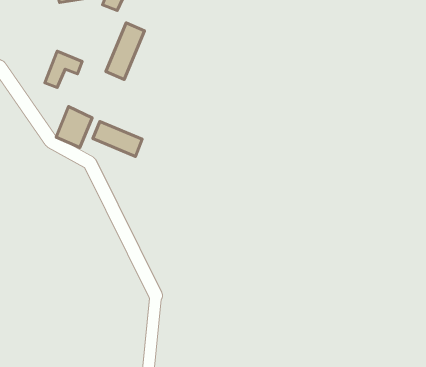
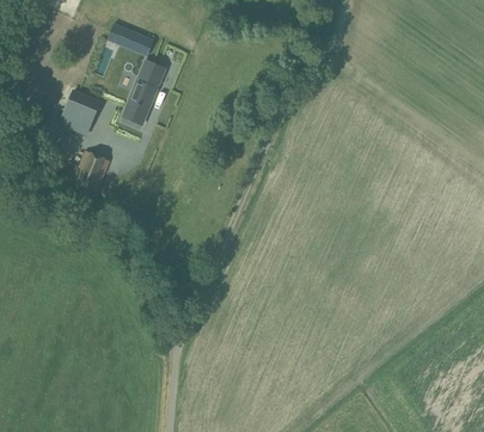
building: [93,121,142,157] -> none

